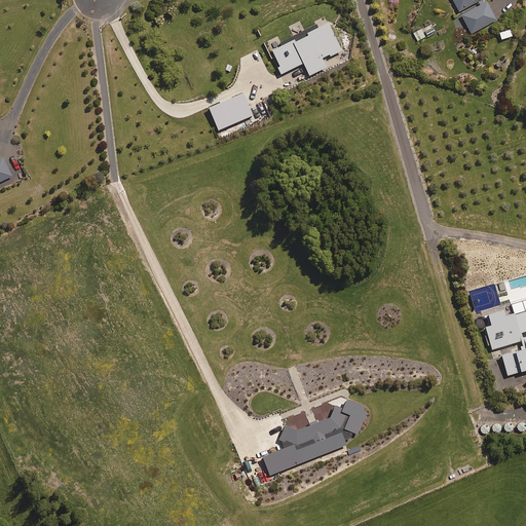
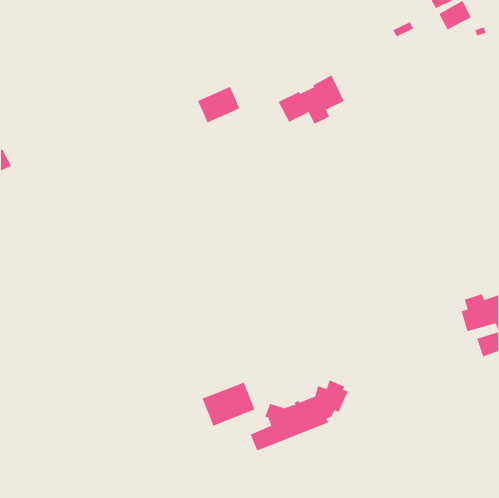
building: [271,22,341,74] -> [278,75,344,125]
building: none -> [202,382,255,426]

